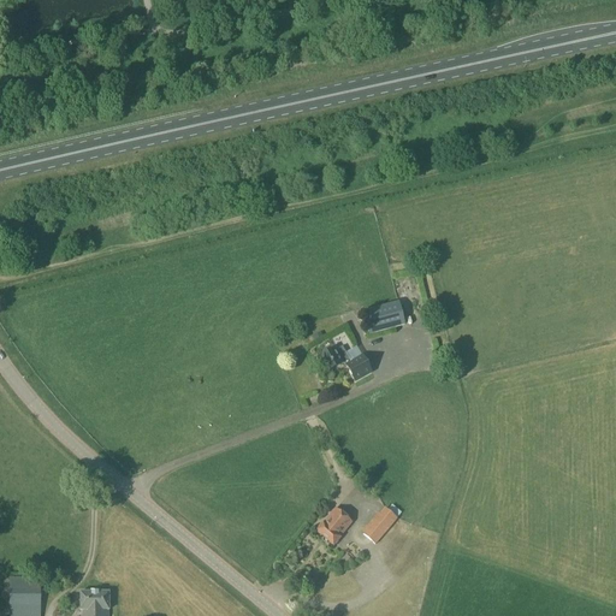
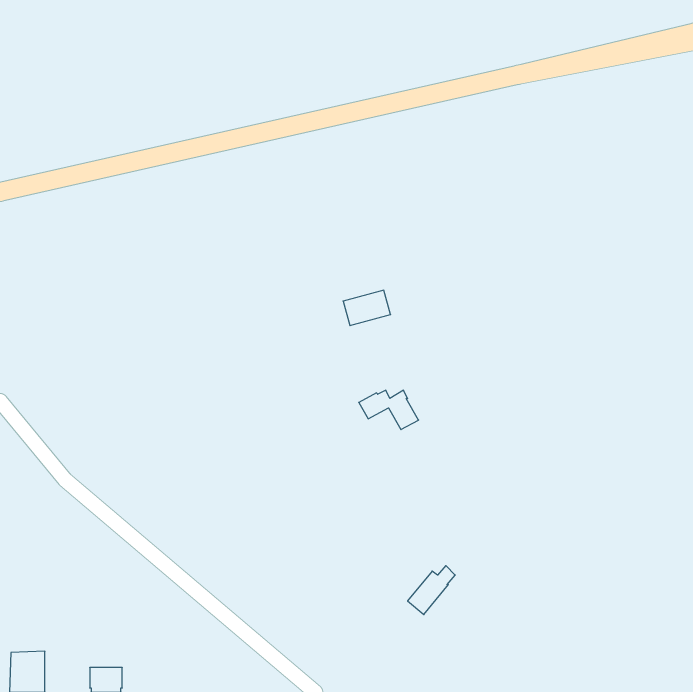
building: [363,302,405,333] -> [343,290,391,326]
building: [316,508,353,545] -> none

